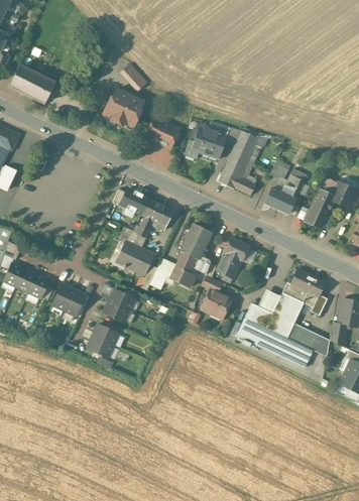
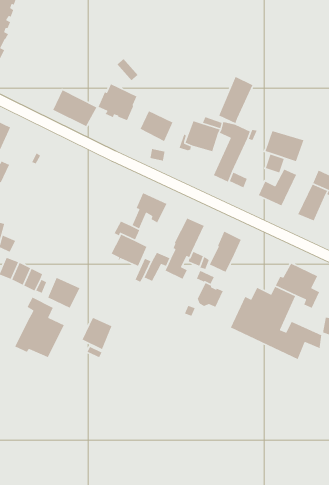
building: [9,65,54,103] -> [52,89,97,127]
building: none -> [218,76,254,124]
building: none -> [264,130,304,162]
building: [112,189,148,215] -> none
building: [103,288,134,322] -> none
building: none -> [14,297,65,359]

